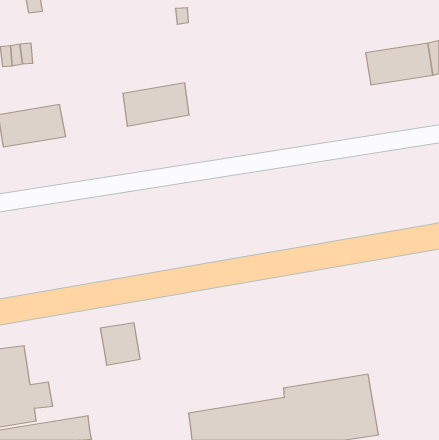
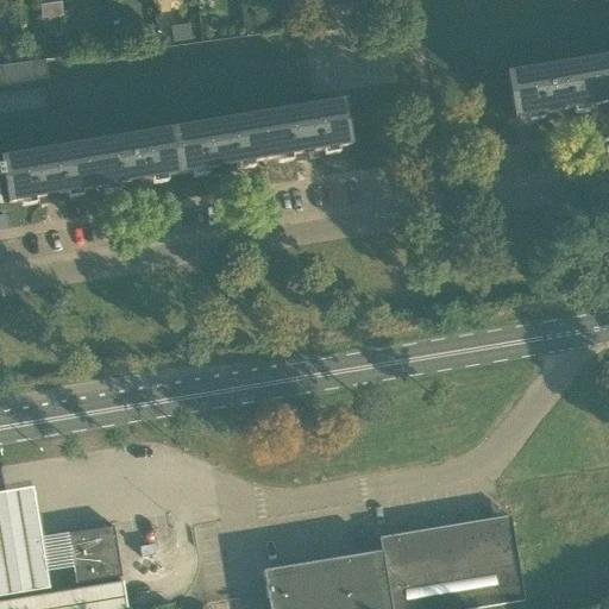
building: none -> [255,100,346,158]
building: none -> [82,128,175,188]
building: [100,323,140,365] -> [67,519,121,577]

